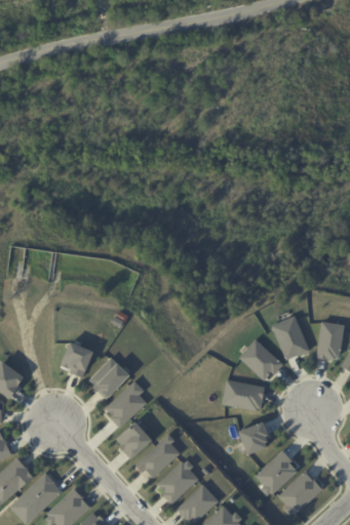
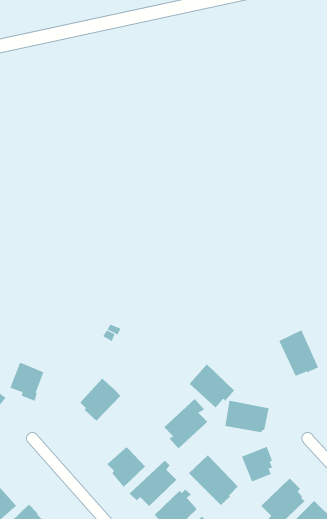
building: [240,338,282,379] -> [189,364,235,409]
building: [61,341,92,377] -> [9,362,44,401]
building: [106,380,147,427] -> [163,398,208,449]
building: none -> [188,454,238,506]

